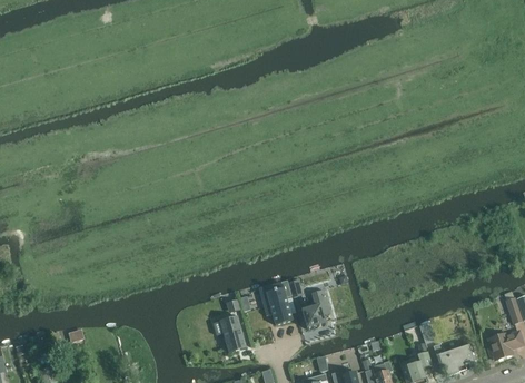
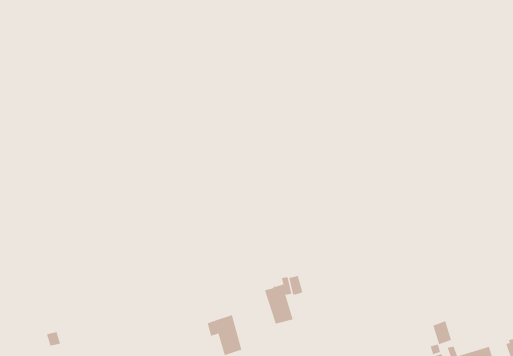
building: [304,292,333,331] -> none

